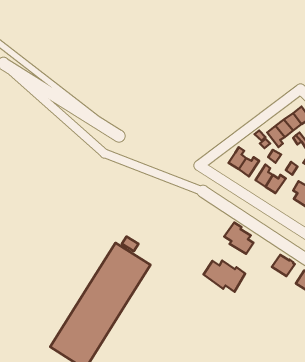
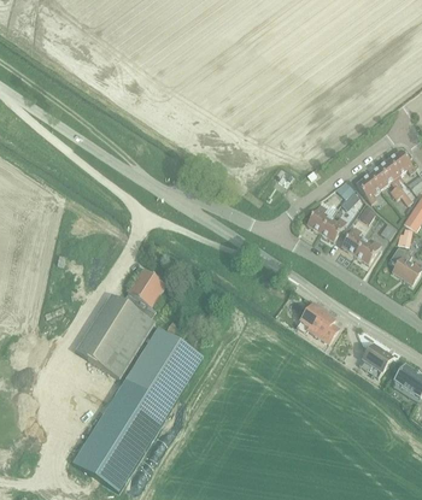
building: none -> [75,270,165,377]
building: [203,261,245,292] -> none

